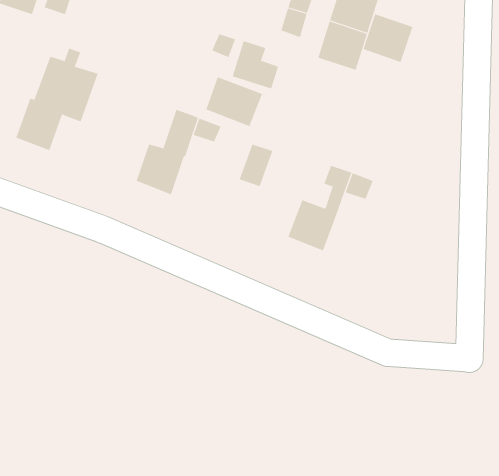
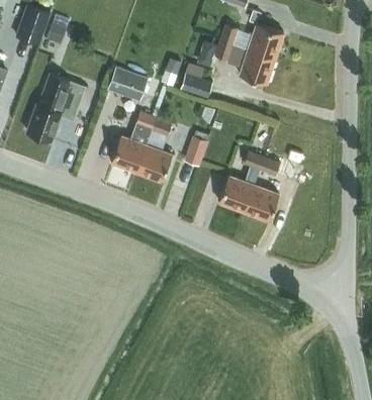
building: [363,13,413,63] -> none
building: [206,77,263,127] -> [106,66,147,101]
building: none -> [136,144,171,181]
building: none -> [244,184,279,220]

